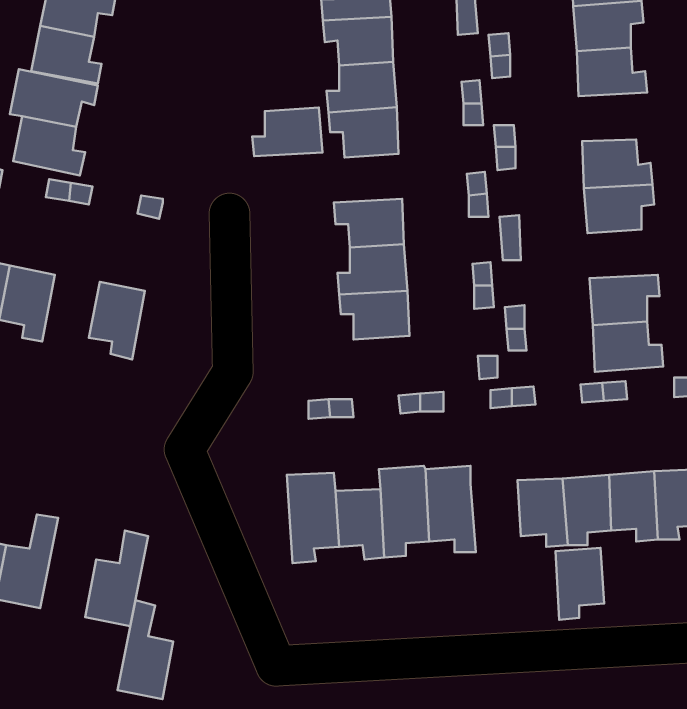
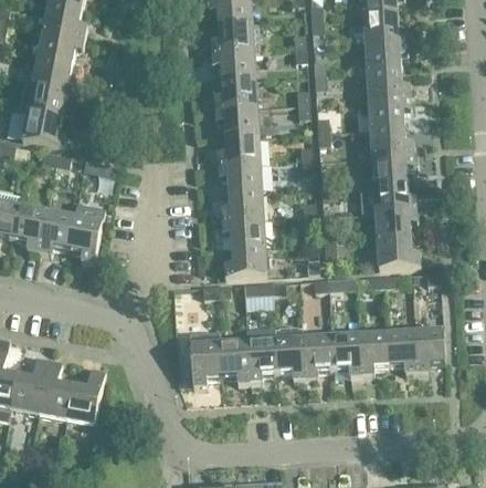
building: none -> [369,97,412,127]
building: [252,108,323,156] -> [218,135,261,165]
building: none -> [374,181,418,211]
building: none -> [40,209,75,252]
building: none -> [224,247,267,278]
building: [556,548,604,620] -> [304,335,334,380]
building: [118,600,173,699] -> [39,359,73,419]

